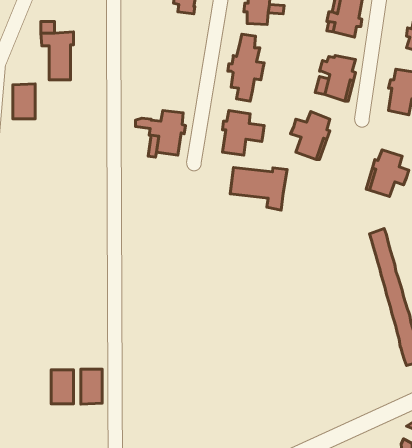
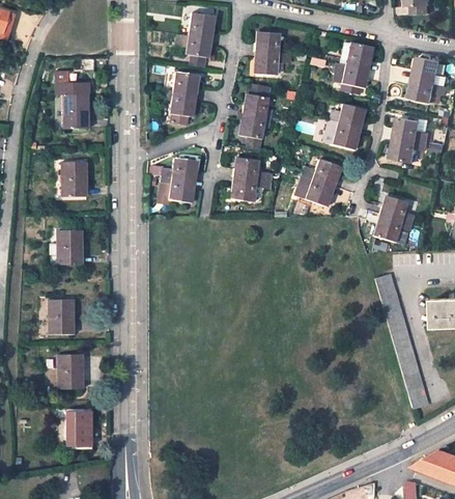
building: none -> [159,73,198,123]
building: [13,84,35,119] -> [62,162,84,196]
building: [230,167,287,210] -> none
building: none -> [58,230,80,265]
building: none -> [50,301,70,334]
building: [81,369,102,404] -> [59,355,80,389]

